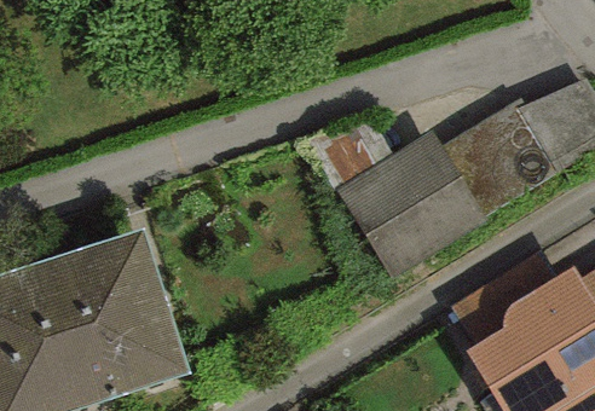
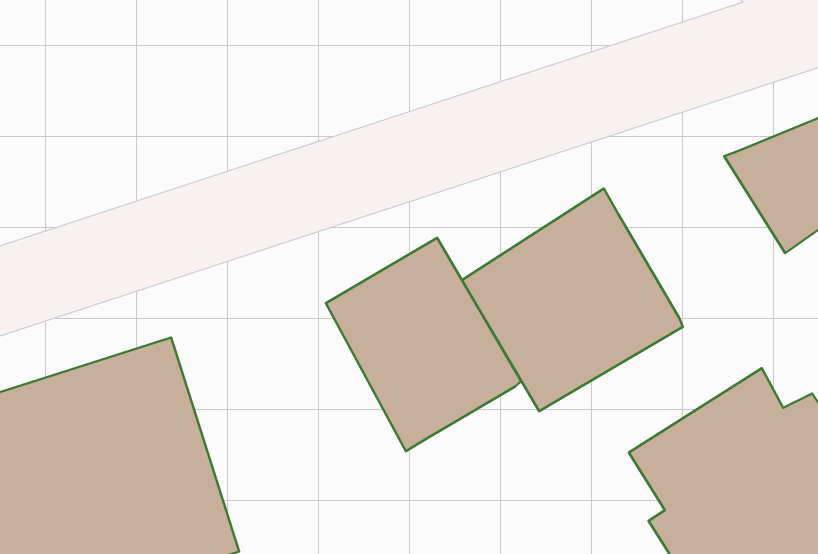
building: [444,98,556,215] -> none
building: none -> [326,238,521,451]

